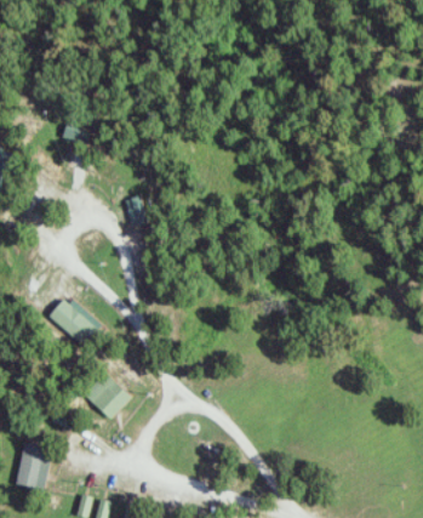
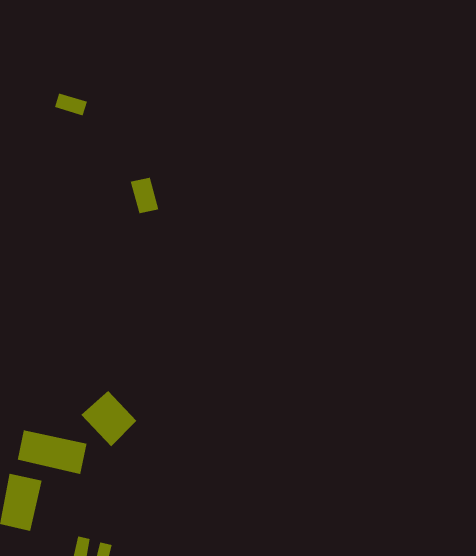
building: [50,295,102,347] -> none
building: none -> [17,430,87,475]

